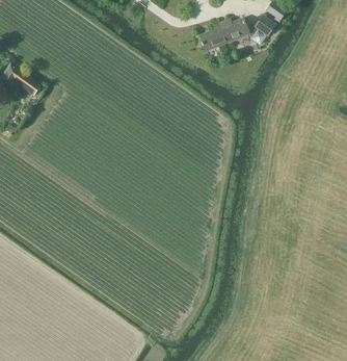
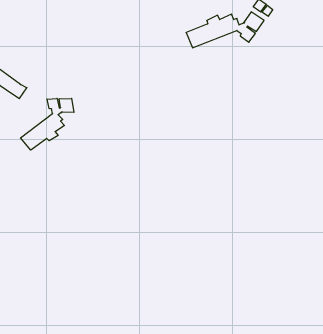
building: none -> [21,98,74,150]

